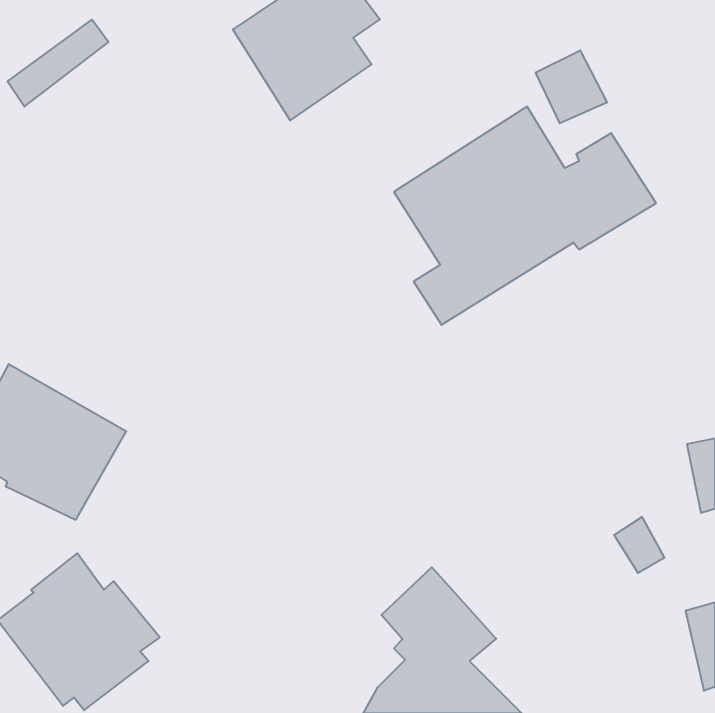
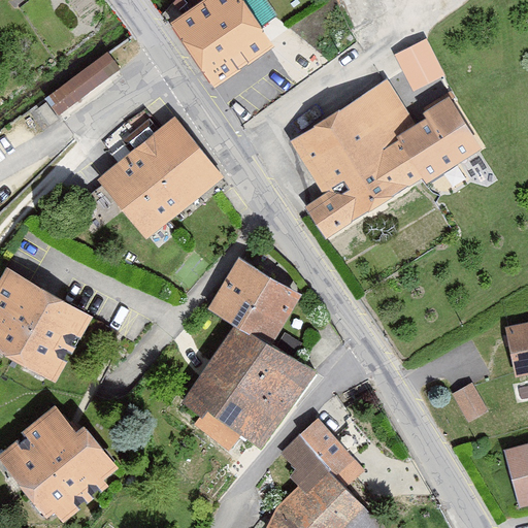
building: [8,20,108,107] -> [45,52,120,116]
building: none -> [97,117,225,239]
building: none -> [183,259,318,448]

